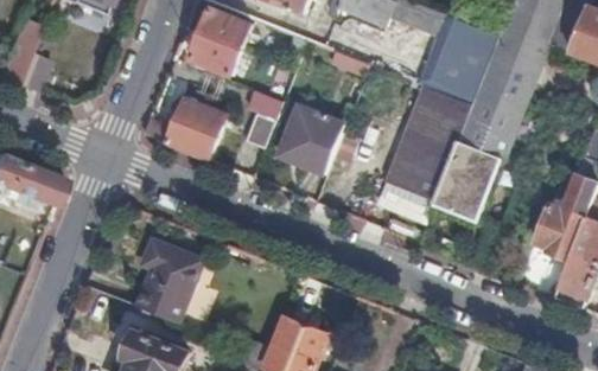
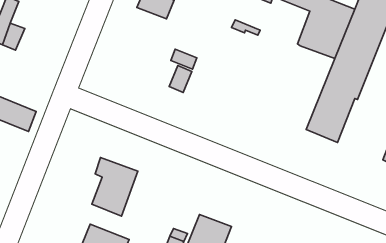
building: [187,33,238,73] -> none
building: [381,85,469,207] -> none
building: [140,97,227,160] -> none
building: [275,105,342,173] -> none

